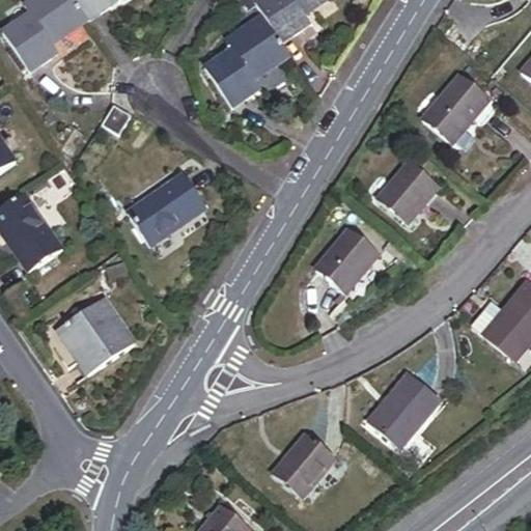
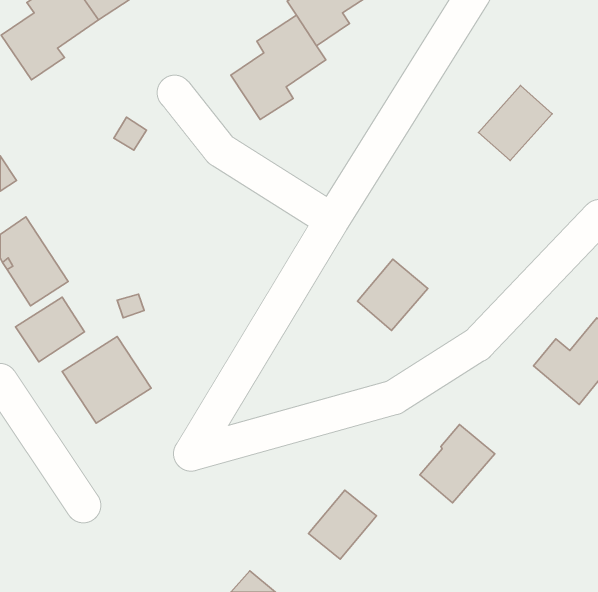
building: [380,163,438,222] -> none
building: [128,173,205,245] -> none
building: none -> [15,297,84,362]

